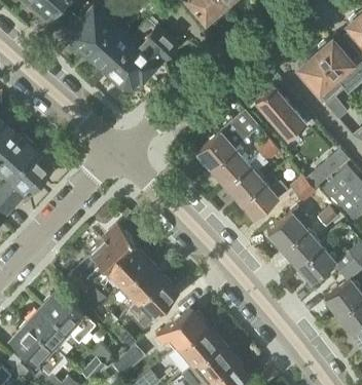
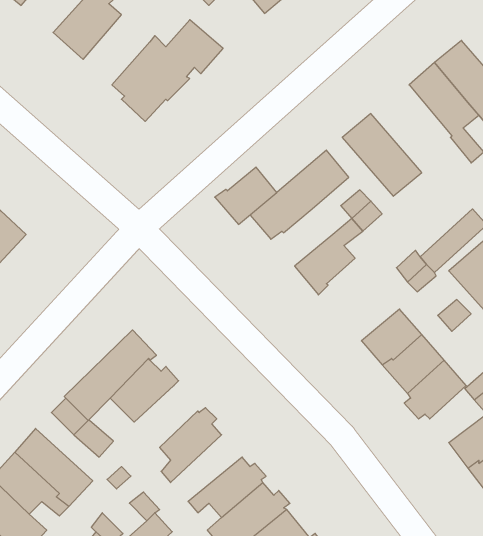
building: [87,21,131,69] -> none
building: [209,149,249,186] -> [215,167,277,224]
building: [240,181,287,220] -> none
building: [120,260,161,303] -> none

